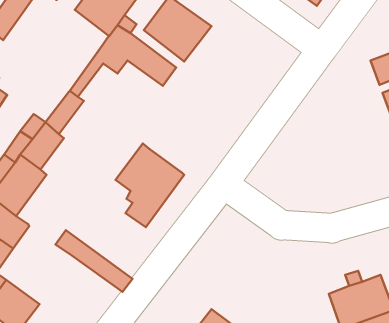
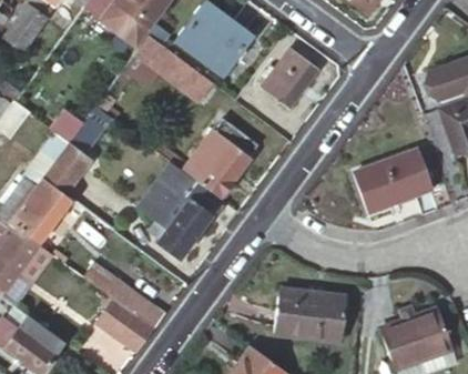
building: none -> [262,48,318,108]
building: none -> [184,118,258,196]
building: none -> [354,149,433,210]
building: none -> [96,287,155,351]
building: none -> [275,289,345,341]

